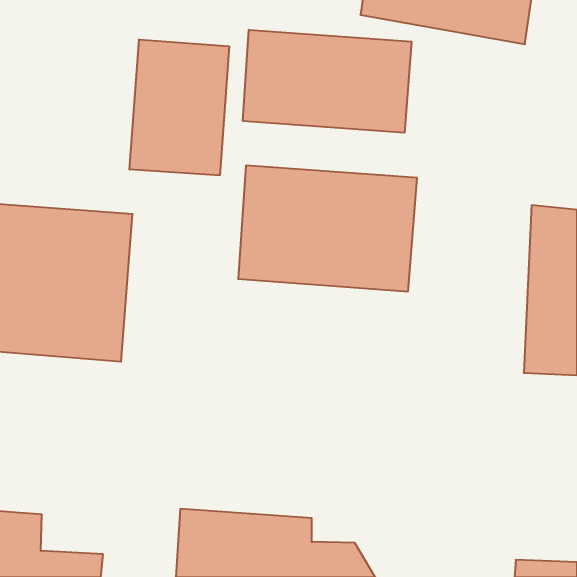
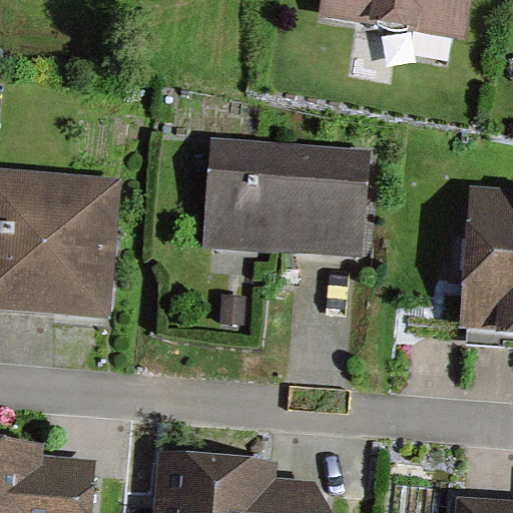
building: [243,30,411,133] -> none
building: [130,39,229,175] -> none

